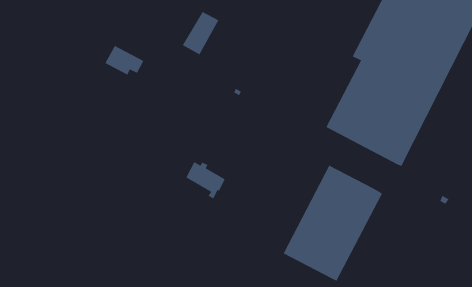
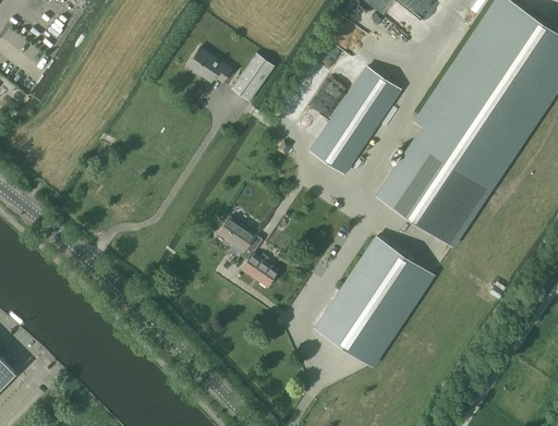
building: none -> [311,68,399,172]
building: [104,45,144,75] -> [186,48,230,83]
building: none -> [241,252,278,287]

